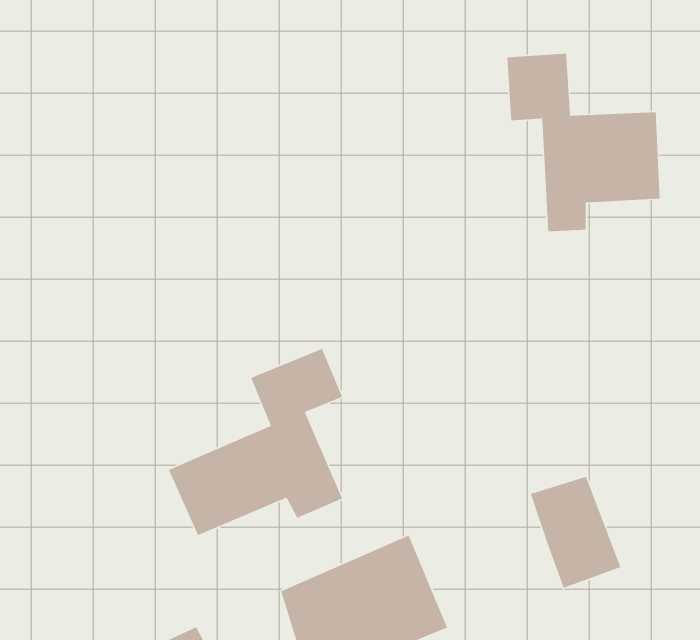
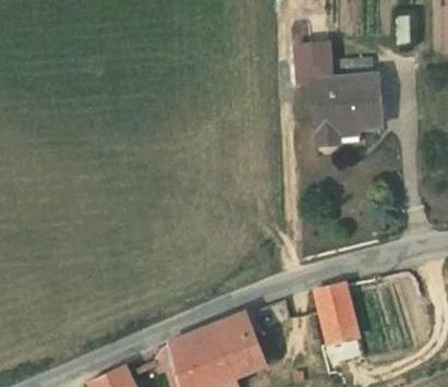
building: [168,348,343,536] -> none

